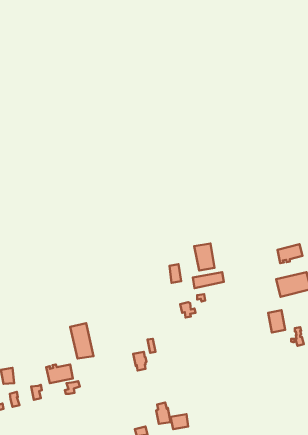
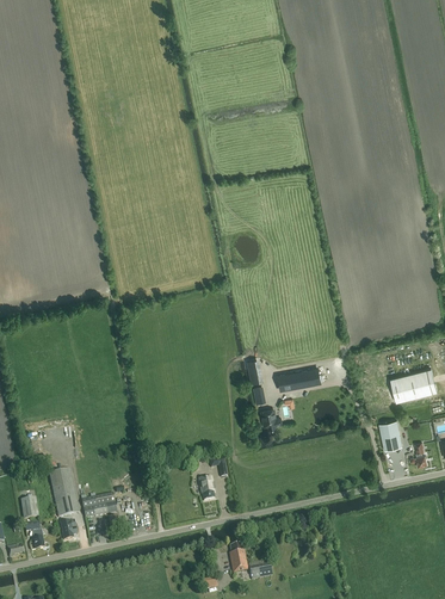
building: [194,243,215,271] -> none
building: [277,244,303,263] -> none
building: [70,323,93,359] -> [49,469,80,517]

